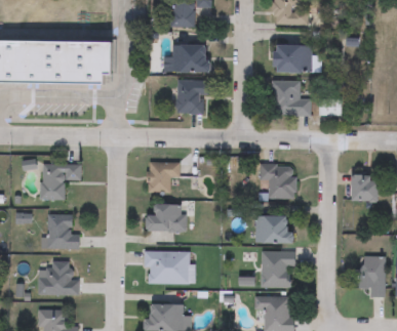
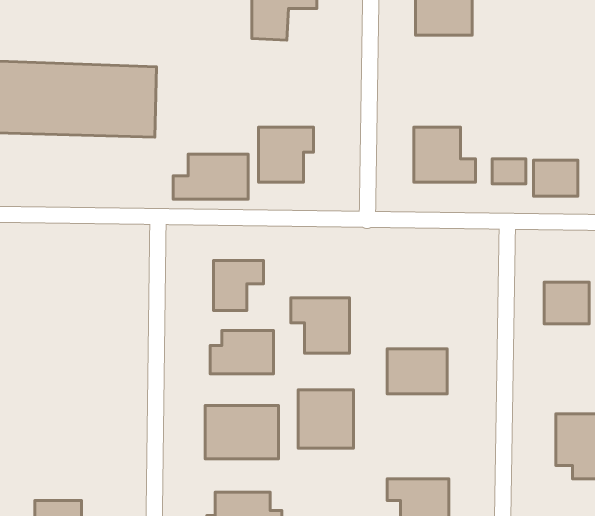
building: [163,44,209,72] -> [173,154,248,199]
building: [275,44,316,72] -> none
building: none -> [534,160,578,196]
building: [40,163,81,199] -> none
building: [260,165,295,199] -> [291,298,349,353]
building: [46,216,80,248] -> none
building: [262,252,295,288] -> [298,390,353,448]
building: [37,260,79,294] -> none

